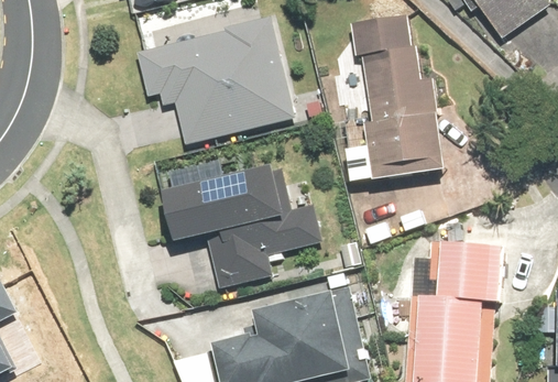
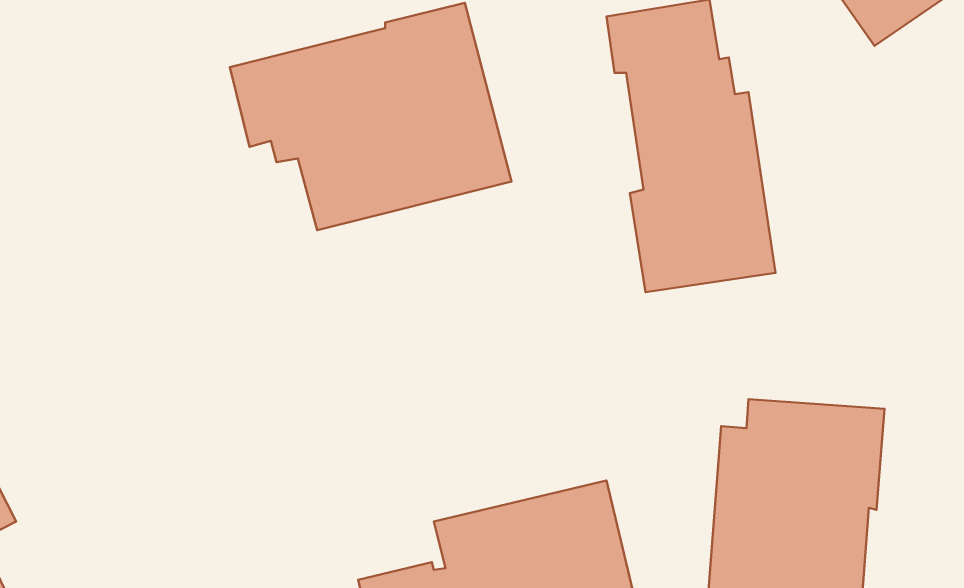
building: [158,165,322,286] -> none

